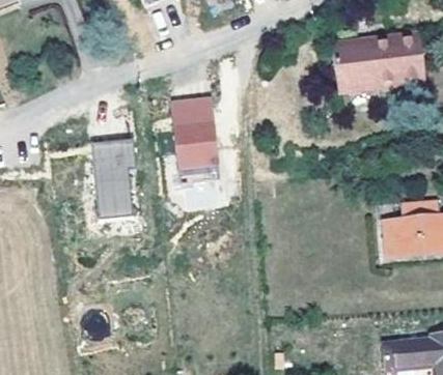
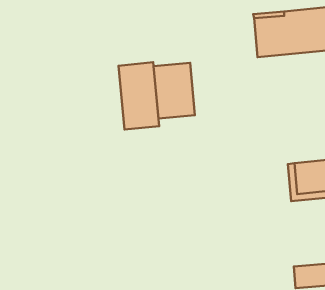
building: none -> [154,63,195,118]
building: [91,132,136,210] -> none

